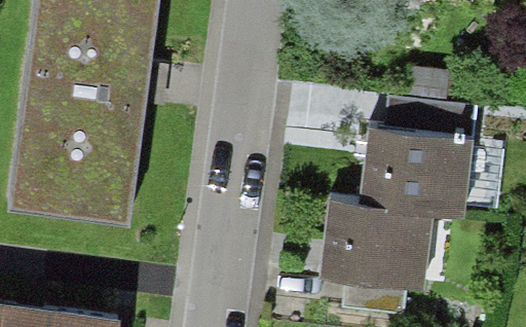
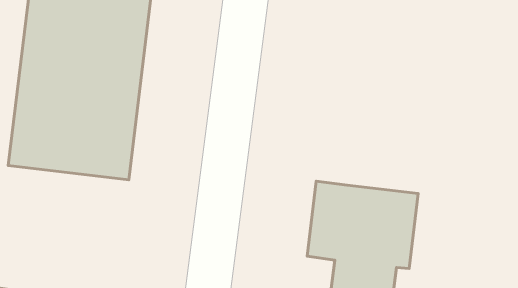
building: [354,101,469,215] -> none

